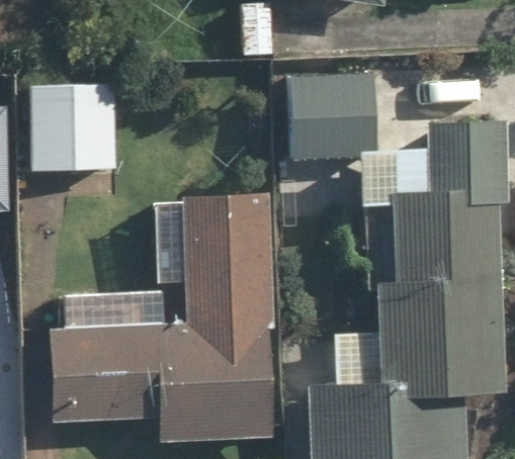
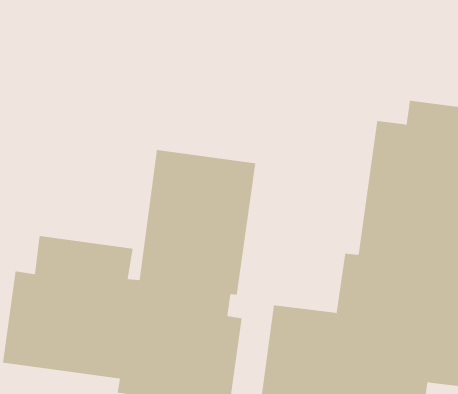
building: [289,75,373,167] -> none
building: [27,85,120,174] -> none

